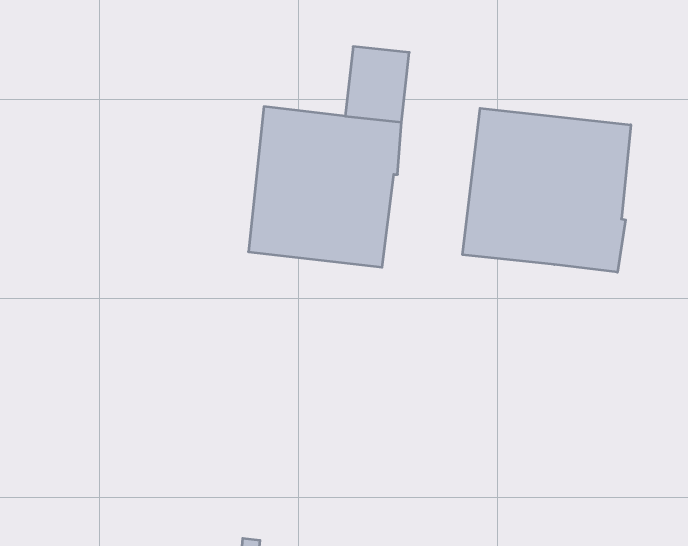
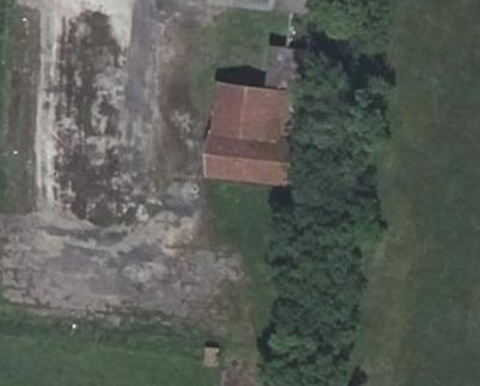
building: [463,108,631,272] -> none

